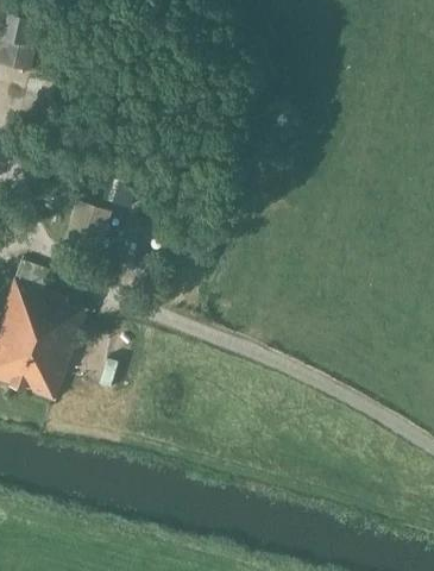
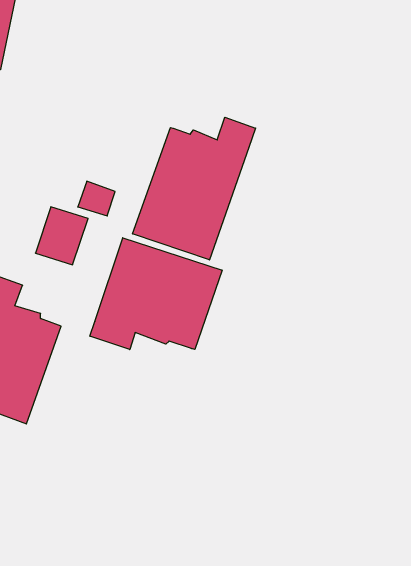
building: none -> [133,117,256,260]
building: none -> [90,238,222,350]

